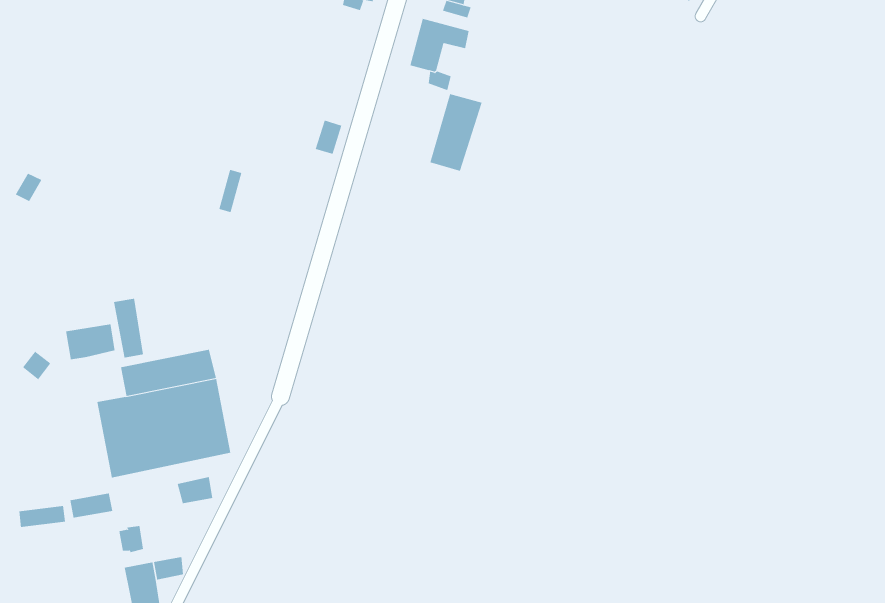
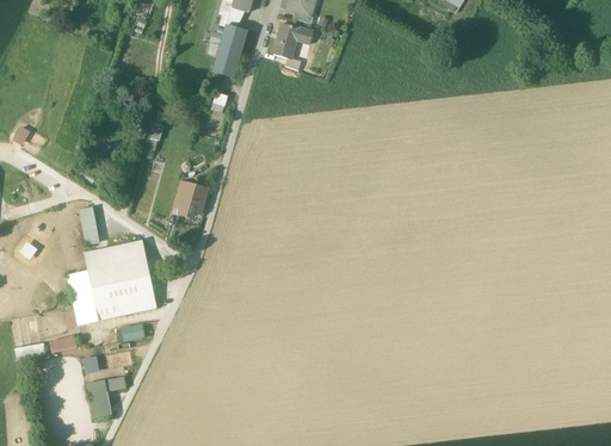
building: [430,93,482,172] -> [212,25,247,76]
building: none -> [173,185,206,218]
building: [65,323,115,360] -> none

